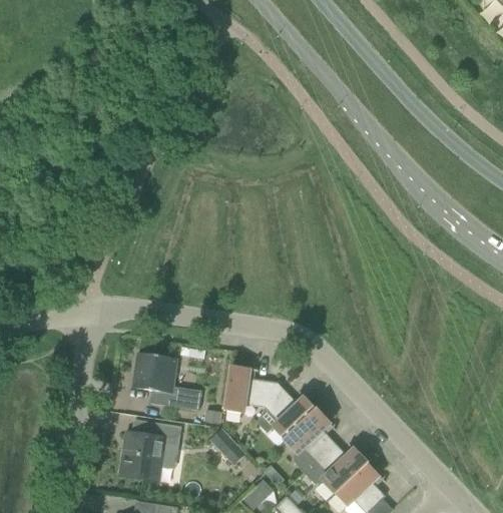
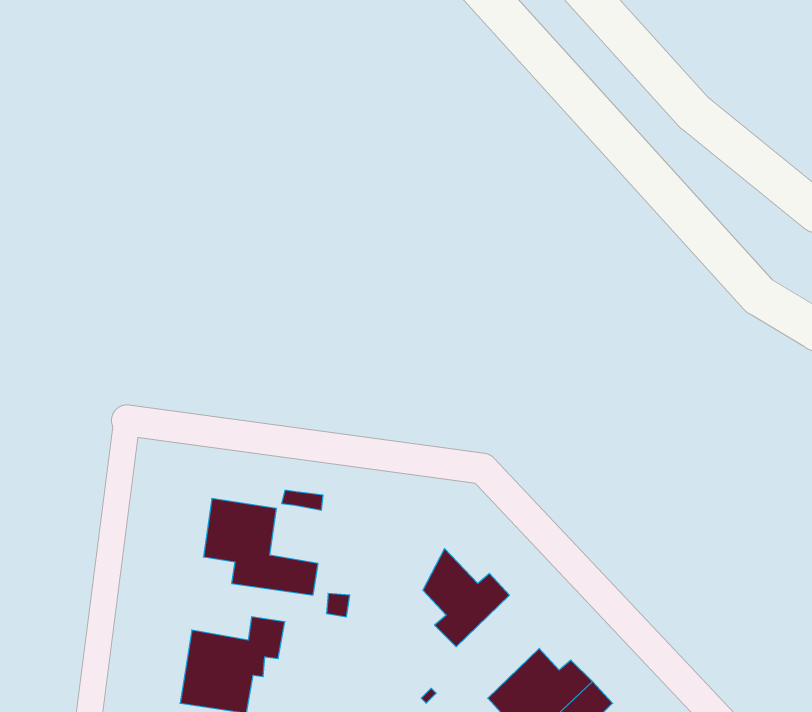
building: [224,366,278,413] -> none
building: [285,410,335,472] -> none
building: [209,428,245,465] -> none

